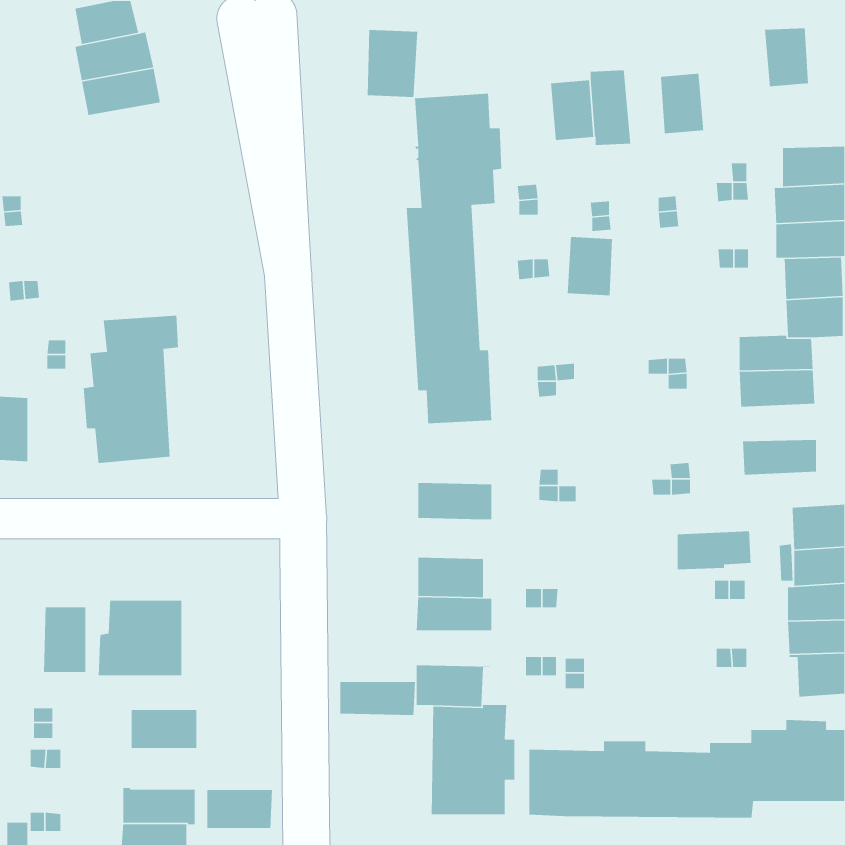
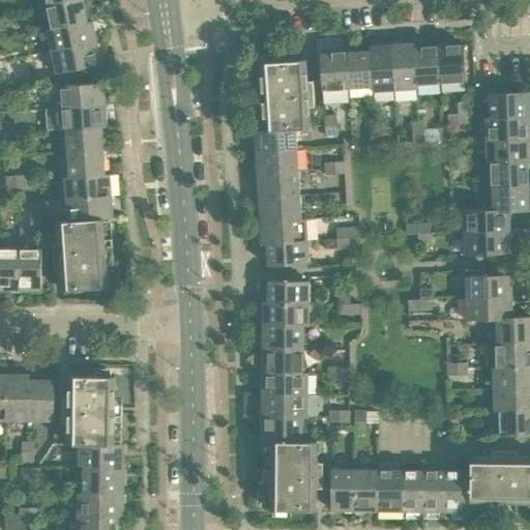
building: [764,28,809,87] -> [437,46,465,83]
building: [367,29,418,98] -> none
building: none -> [390,43,415,91]
building: none -> [319,53,347,90]
building: none -> [45,83,111,201]
building: [567,230,613,303] -> none
building: none -> [18,249,41,290]
building: none -> [261,281,307,303]
building: none -> [261,325,302,350]
building: [677,530,751,570] -> [465,296,511,321]
building: none -> [6,375,29,421]
building: none -> [67,423,114,445]
building: [340,681,416,716] -> [260,395,307,417]
building: [207,789,273,829] -> [82,469,123,494]

